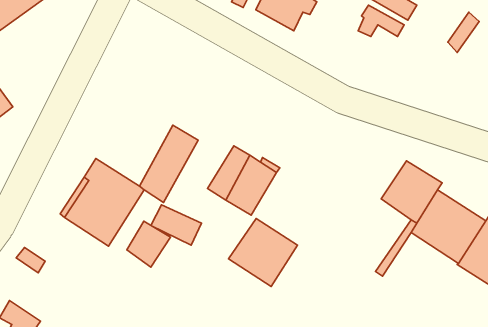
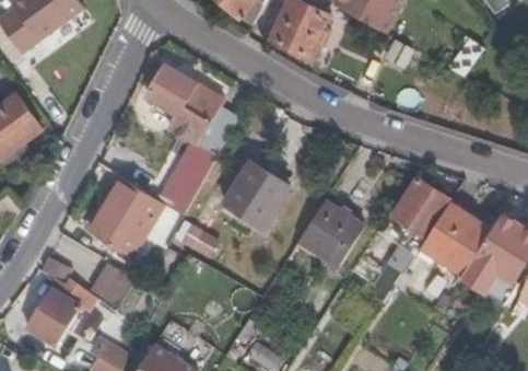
building: none -> [142,65,236,158]
building: [229,219,298,287] -> [297,202,363,267]
building: [127,221,170,267] -> [92,263,133,306]
building: none -> [36,281,93,329]

